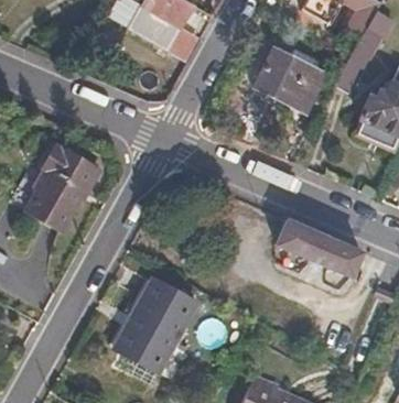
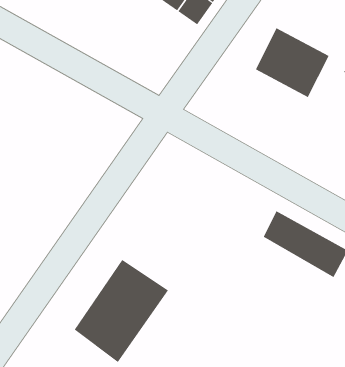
building: [35,146,105,231] -> none

